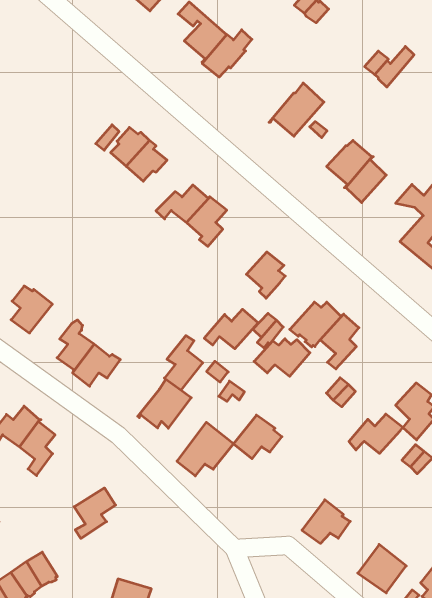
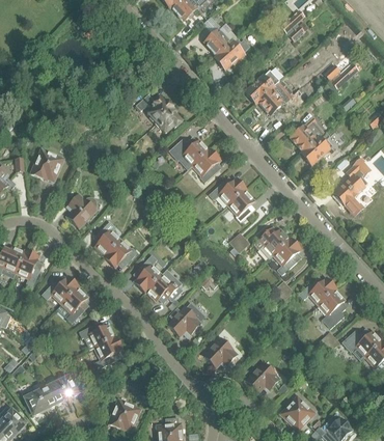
building: none -> [245,75,274,104]
building: [204,309,258,349] -> [209,178,246,204]
building: [164,336,203,390] -> [134,255,161,292]
building: [254,339,310,376] -> none
building: [349,414,403,453] -> [299,278,336,304]
building: [233,415,282,459] -> [203,338,237,367]
building: none -> [79,324,116,348]

